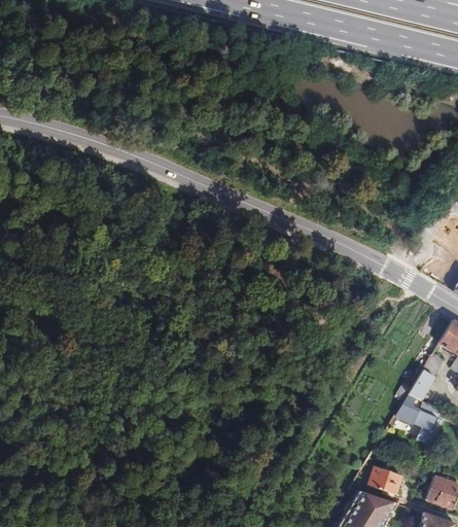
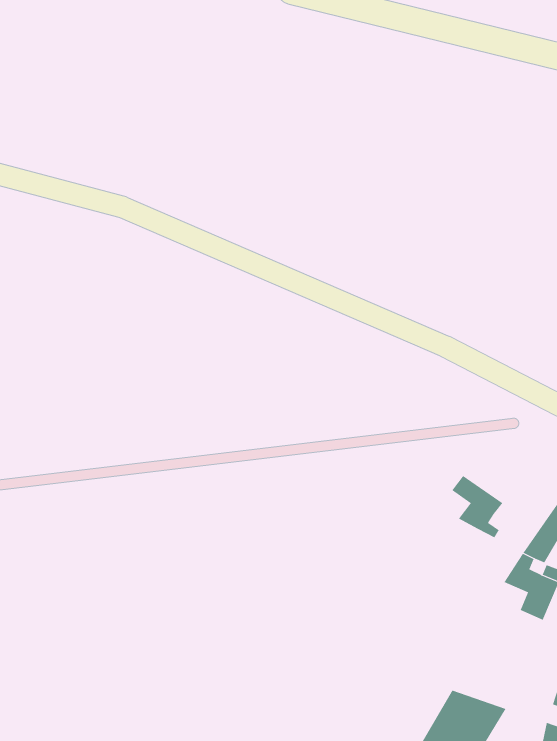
building: none -> [452,475,503,538]
building: [367,466,400,494] -> none

